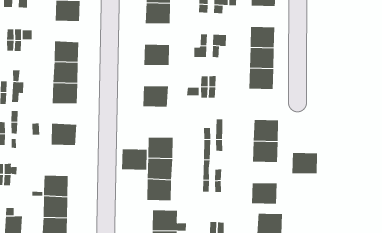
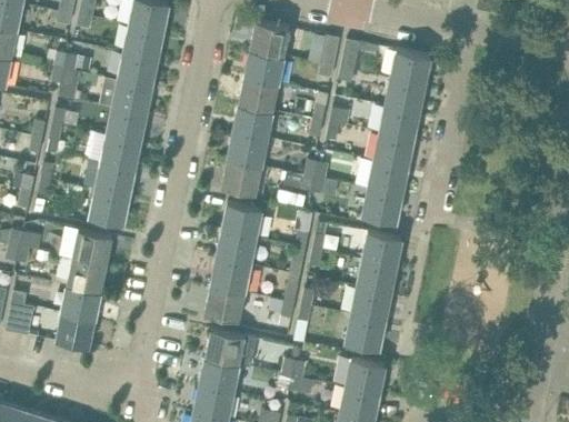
building: none -> [385,79,423,113]
building: none -> [118,53,157,88]
building: none -> [238,78,278,112]
building: none -> [227,133,267,168]
building: none -> [362,190,401,224]
building: none -> [94,163,134,198]
building: [121,149,148,170] -> [221,203,261,238]
building: [292,153,318,174] -> [350,289,390,323]
building: none -> [72,230,111,264]

